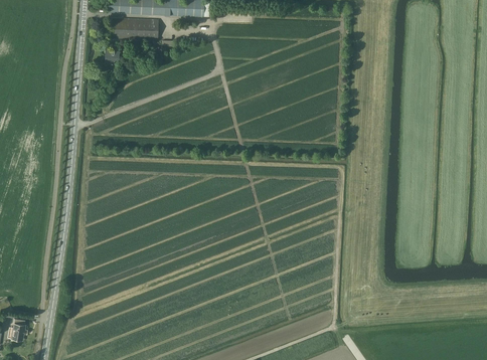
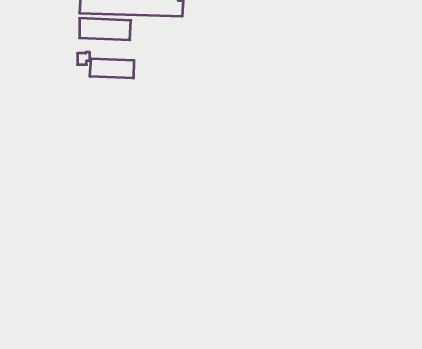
building: none -> [90,59,134,78]

